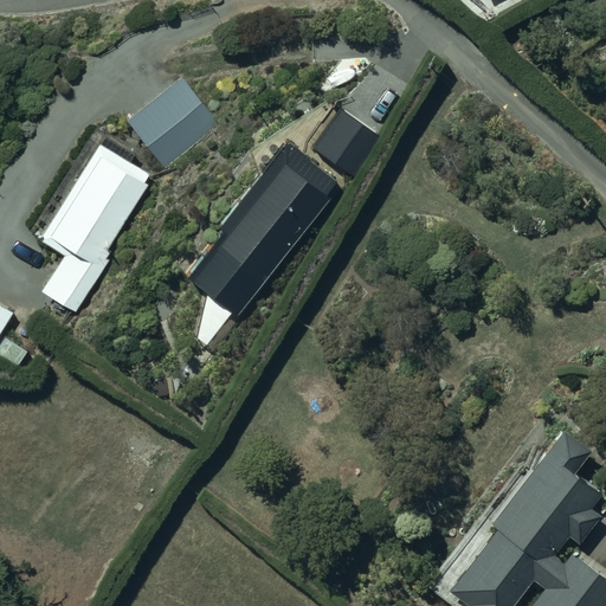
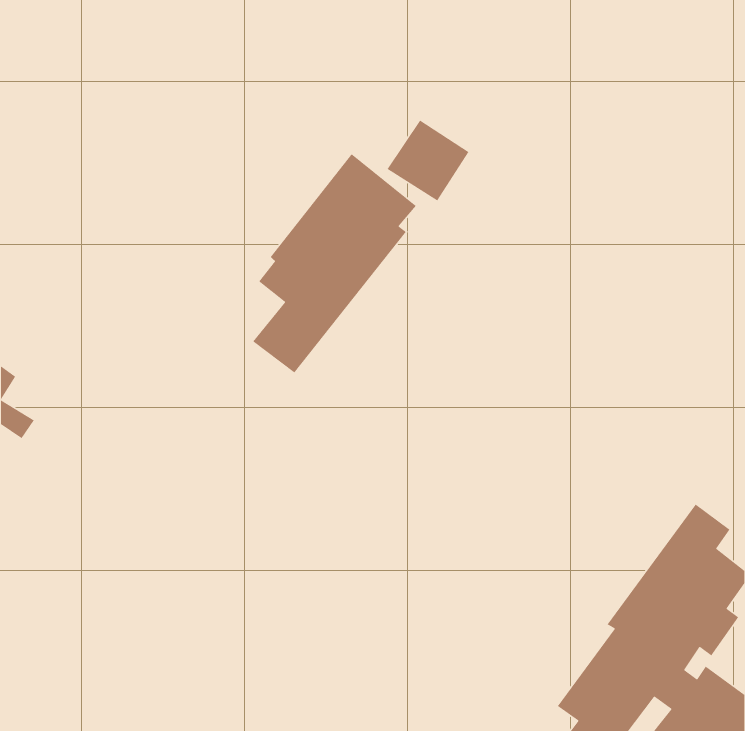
building: [125,88,219,179] -> none
building: [33,141,149,323] -> none

